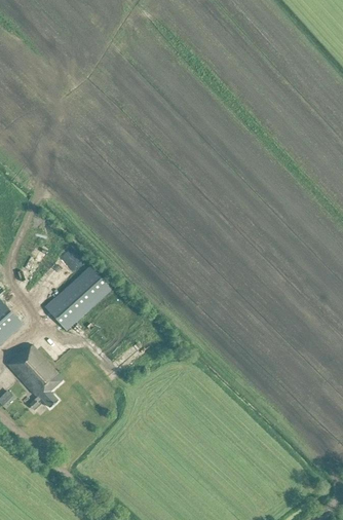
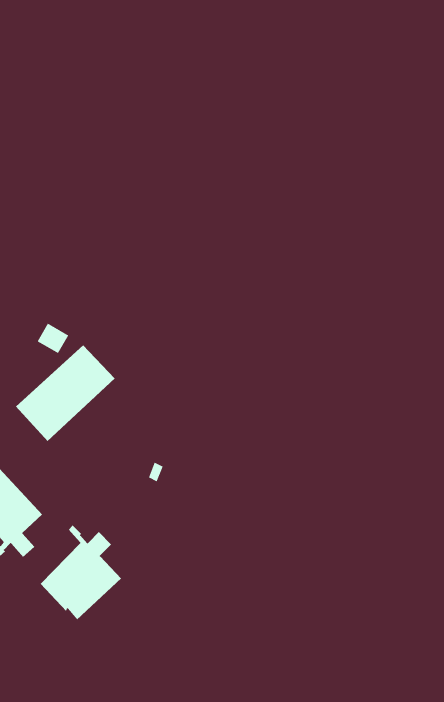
building: none -> [40,525,122,620]

